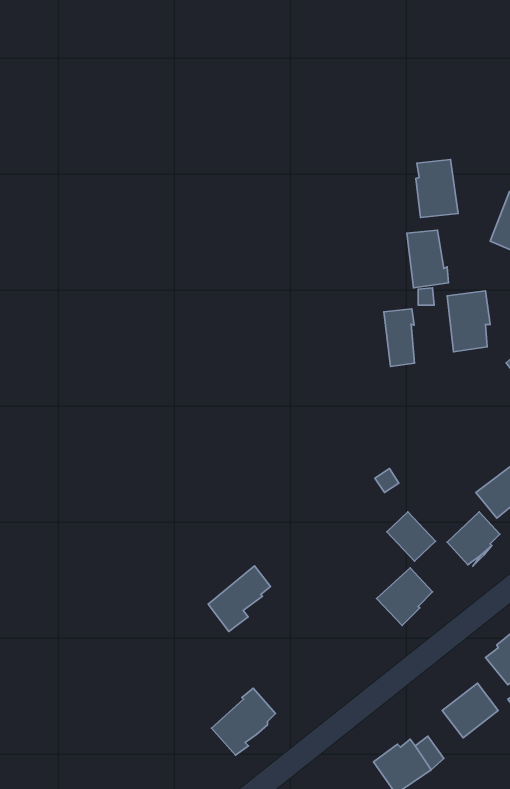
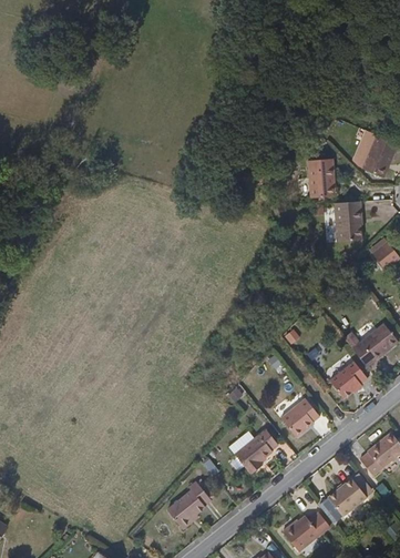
building: [416,160,458,217] -> none
building: [384,309,415,367] -> none
building: [387,512,436,561] -> none
building: [208,566,270,631] -> [234,426,277,471]

